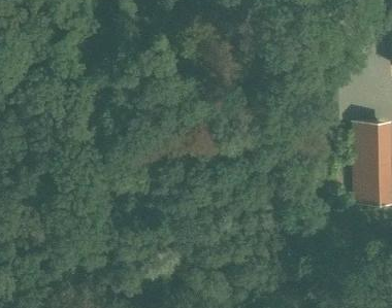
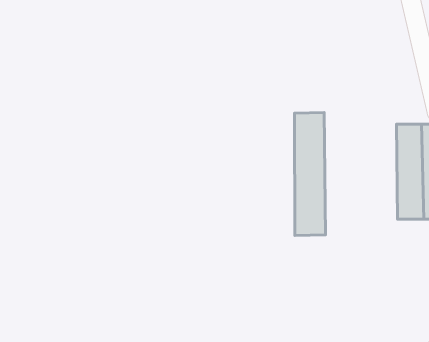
building: none -> [295,112,326,236]

